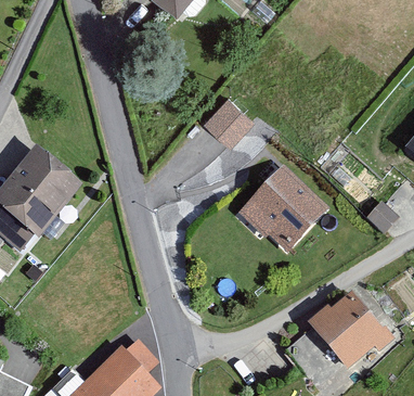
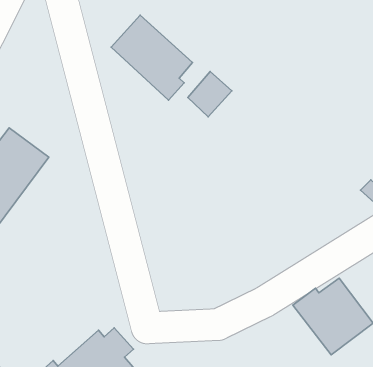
building: none -> [111,15,193,100]
building: [242,171,318,247] -> none

